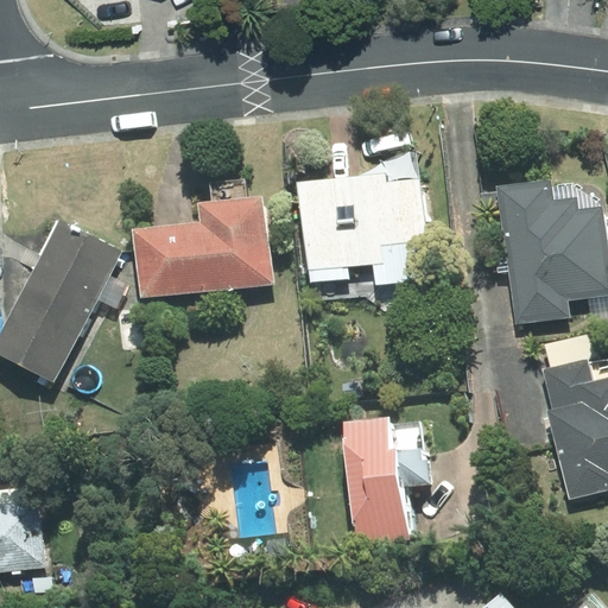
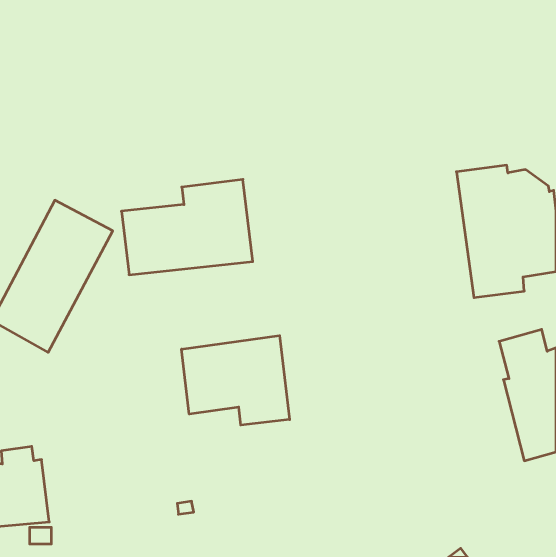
building: [298,176,426,286] -> none
building: none -> [182,336,290,425]
building: [348,417,433,545] -> none

